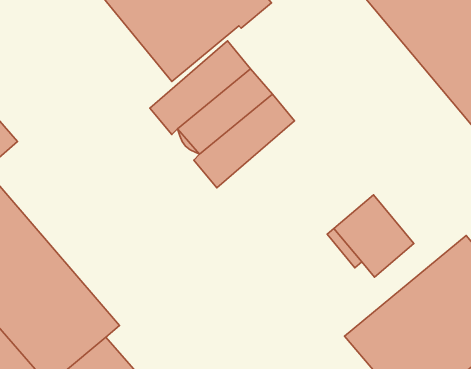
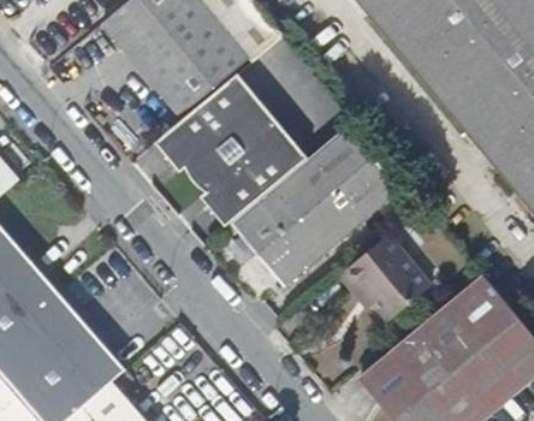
building: none -> [232,125,402,287]

